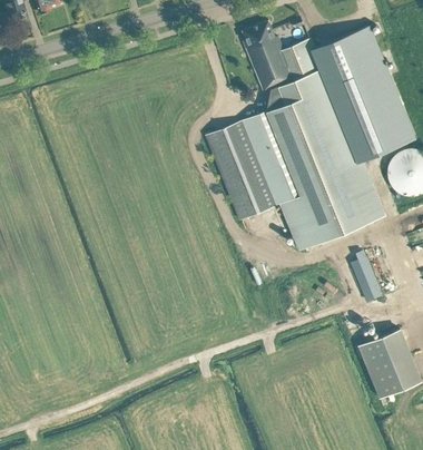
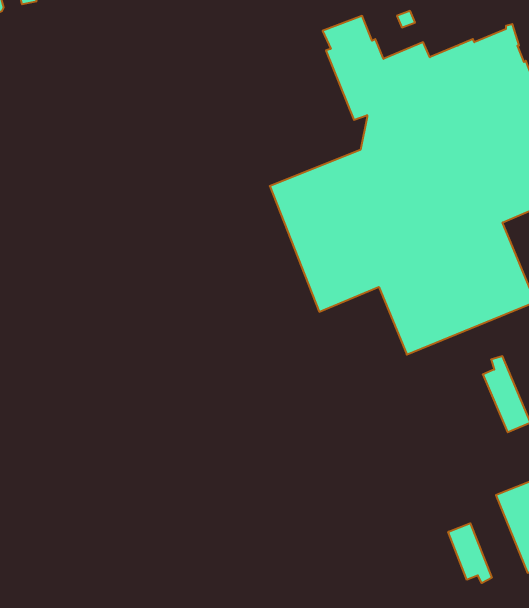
building: none -> [448,523,492,583]

